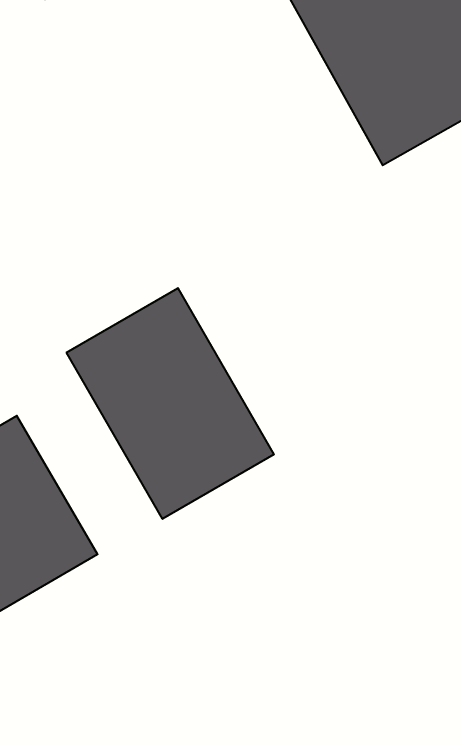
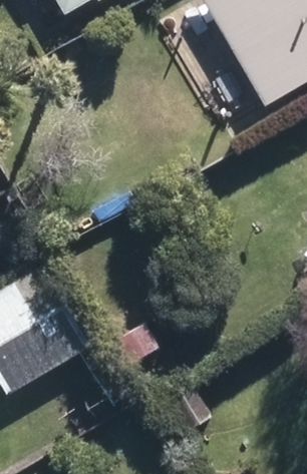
building: [67,288,274,519] -> none

